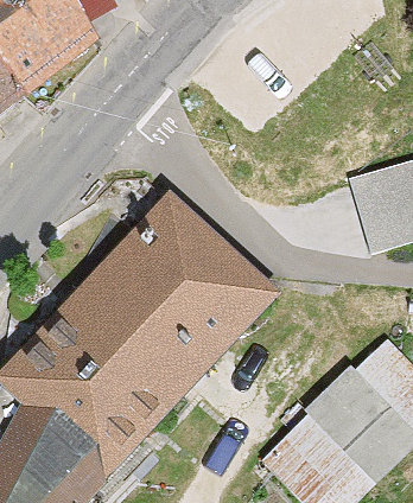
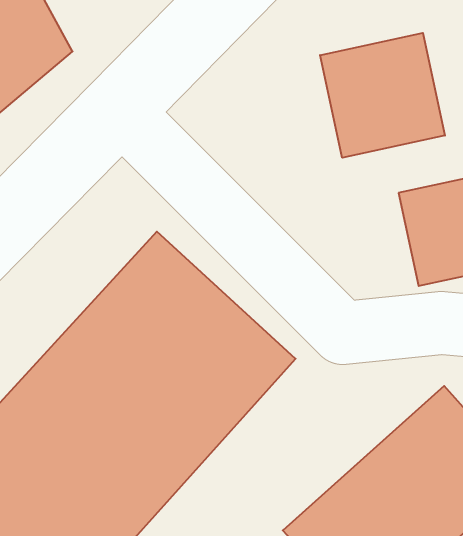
building: none -> [320,33,445,158]

